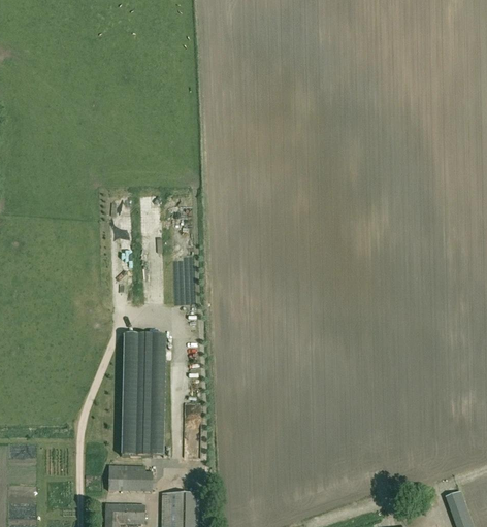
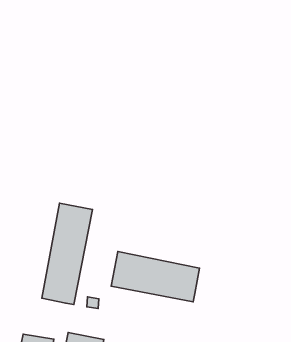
building: none -> [111,252,200,302]
building: [108,464,152,491] -> none

